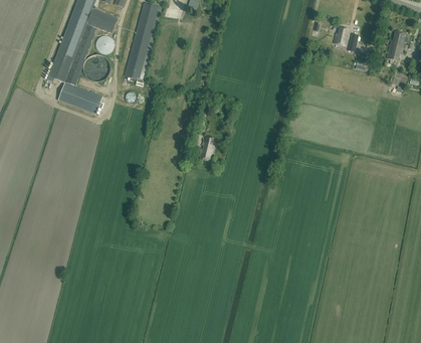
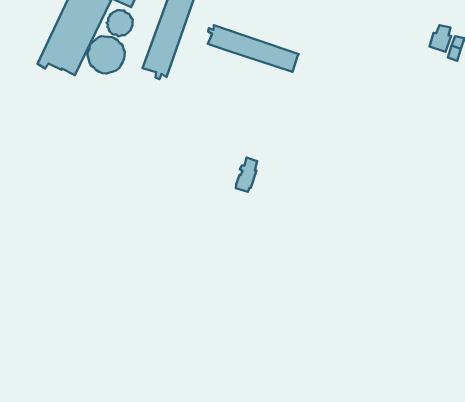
building: none -> [208,25,299,72]
building: [57,80,102,114] -> none

